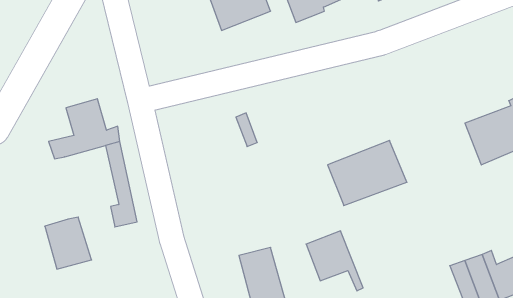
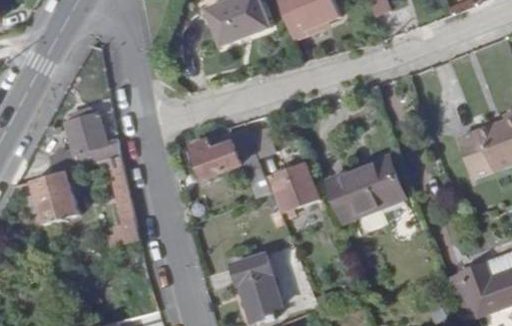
building: none -> [191,132,243,180]
building: [45,217,92,269] -> [33,171,79,222]
building: [306,231,363,291] -> [268,156,324,216]

